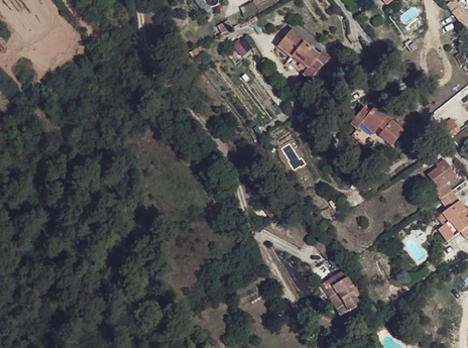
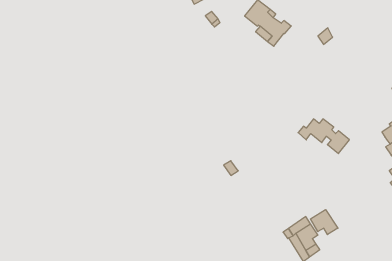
building: [348,106,404,144] -> [298,119,349,154]
building: none -> [310,210,338,235]

